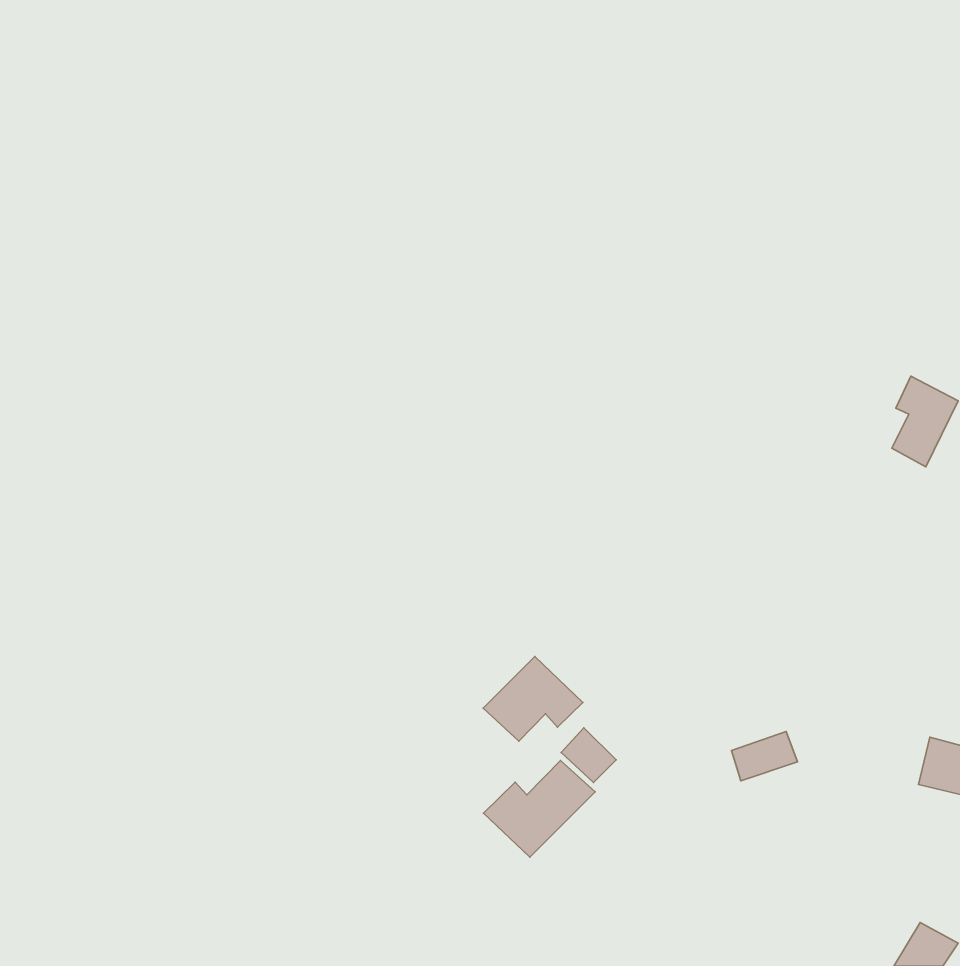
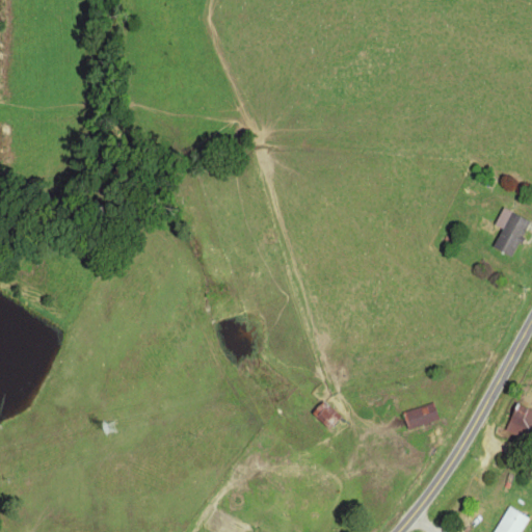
building: [483,656,583,741] -> none
building: [483,761,595,857] -> none

